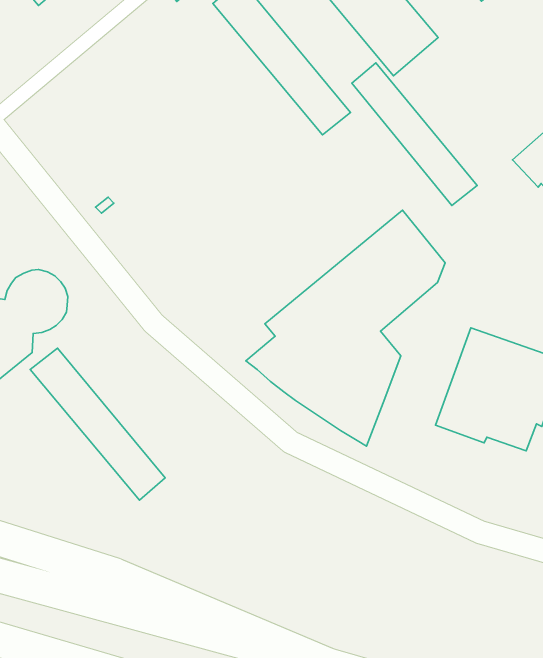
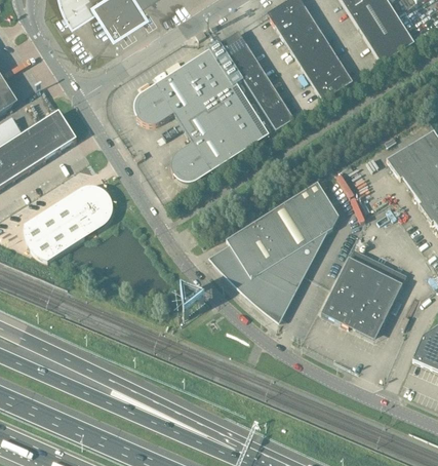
building: none -> [135,46,269,180]
building: [352,63,477,205] -> none
building: [30,348,165,500] -> none

